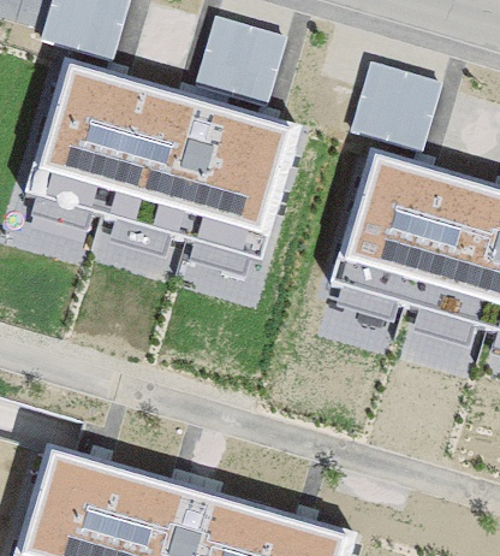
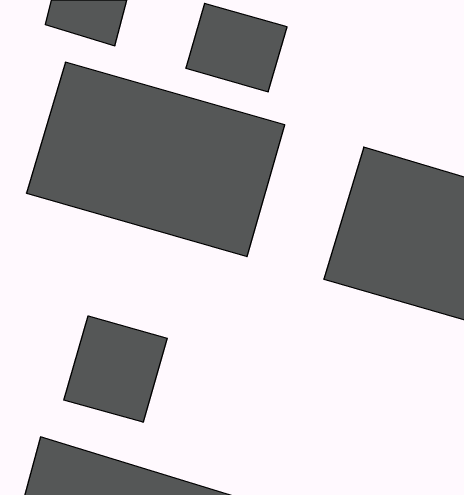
building: [351,58,442,137] -> none
building: none -> [64,316,167,422]

